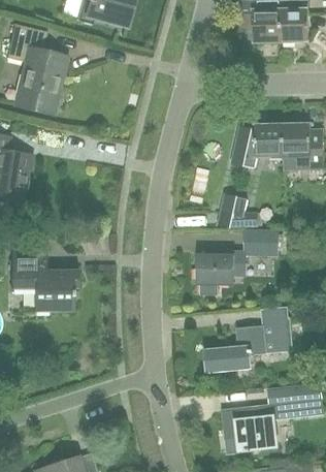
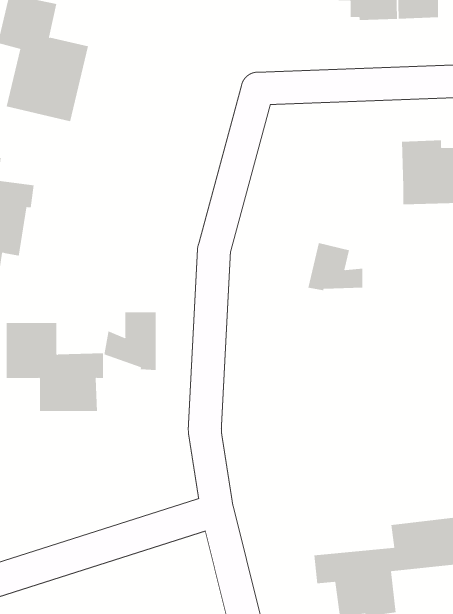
building: [232,125,283,168] -> none
building: [198,228,278,294] -> none
building: none -> [104,312,156,371]
building: [205,306,292,372] -> none

